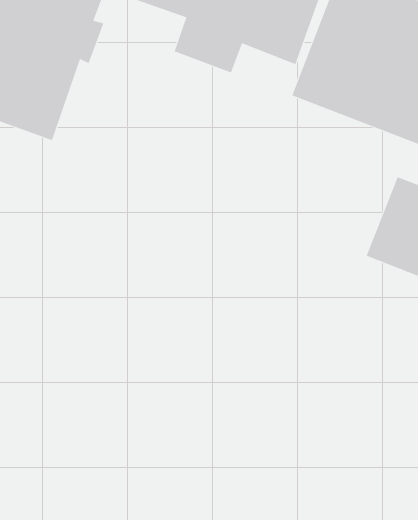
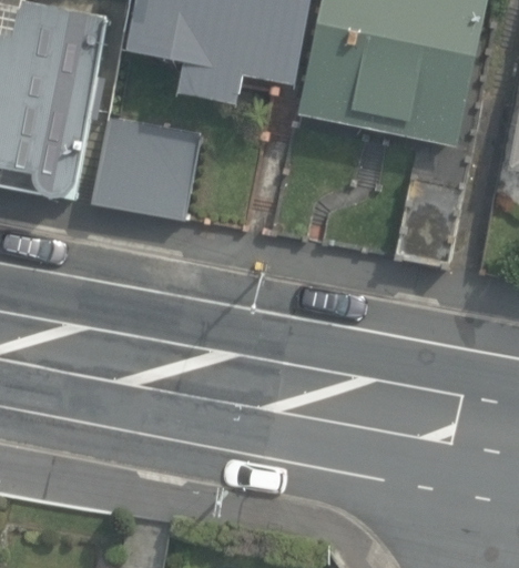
building: none -> [90,116,200,220]

